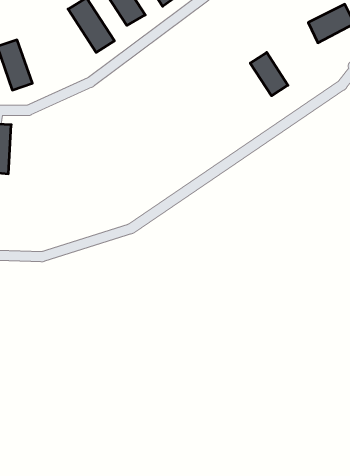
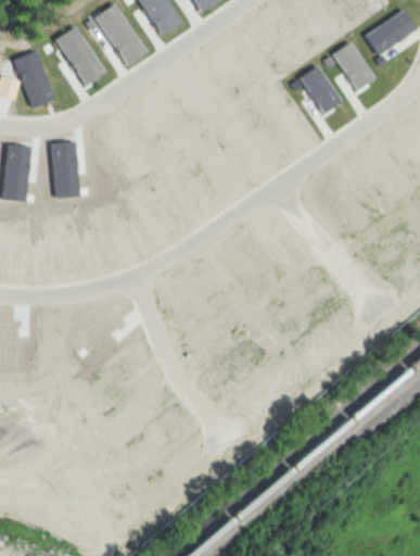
building: none -> [55,26,105,86]
building: none -> [332,41,376,90]
building: none -> [52,141,79,198]

